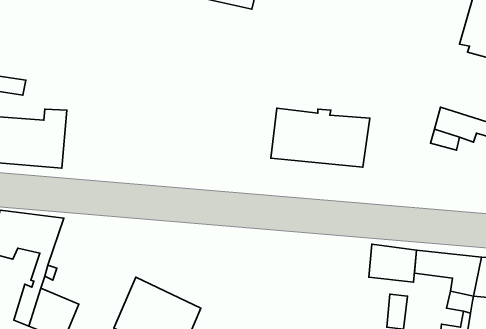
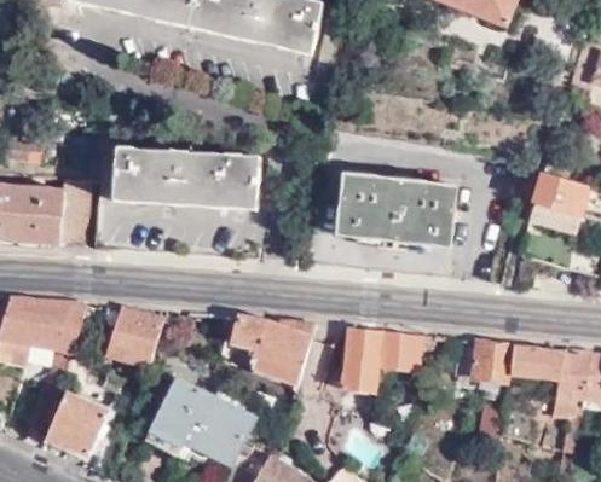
building: none -> [115,147,260,207]
building: none -> [108,308,164,364]
building: none -> [230,317,316,381]
building: none -> [341,326,434,394]

